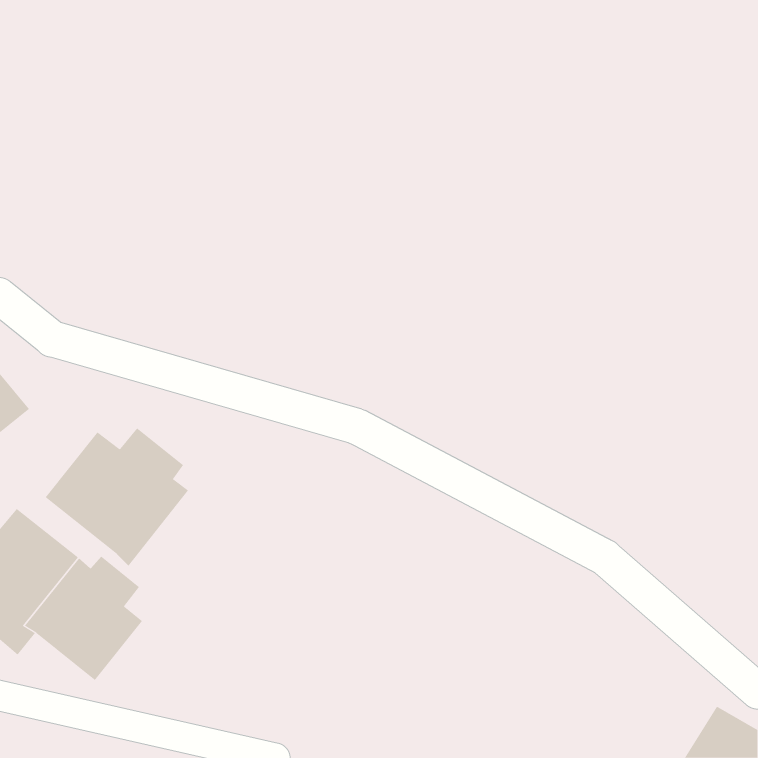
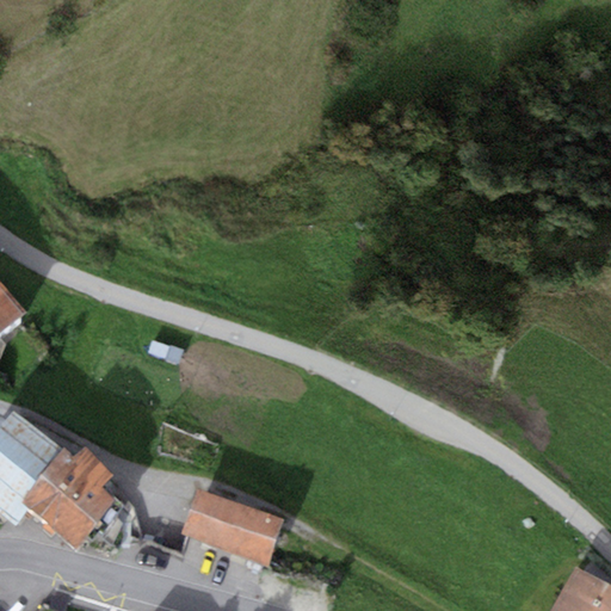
building: [45,428,189,567] -> none
building: none -> [179,487,283,563]

